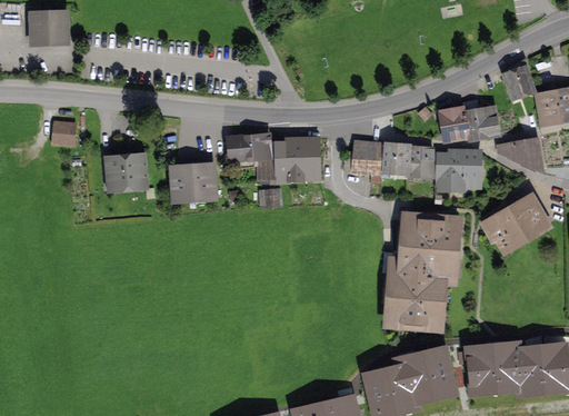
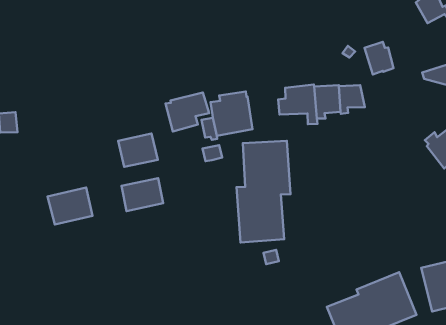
building: [462,103,499,137] -> none
building: [439,152,477,189] -> none
building: [104,153,148,187] -> [47,188,92,225]
building: none -> [122,178,163,211]
building: [391,218,455,324] -> [237,141,290,243]

